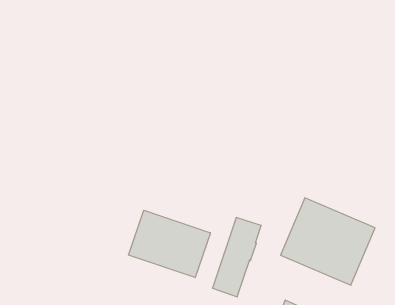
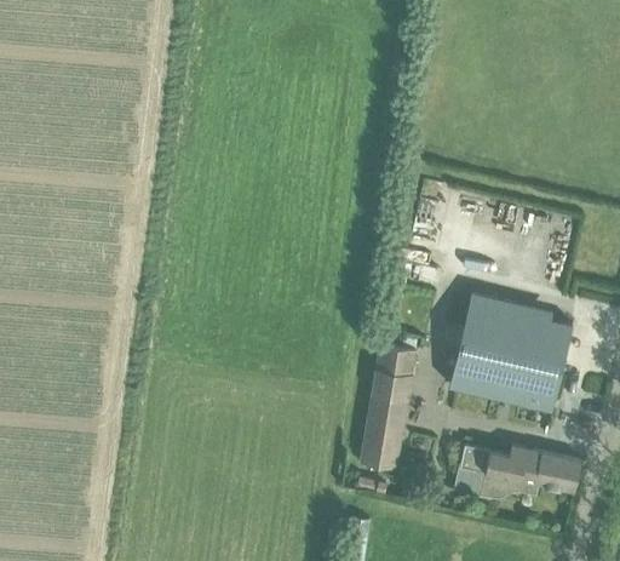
building: [129,210,210,278] -> none

